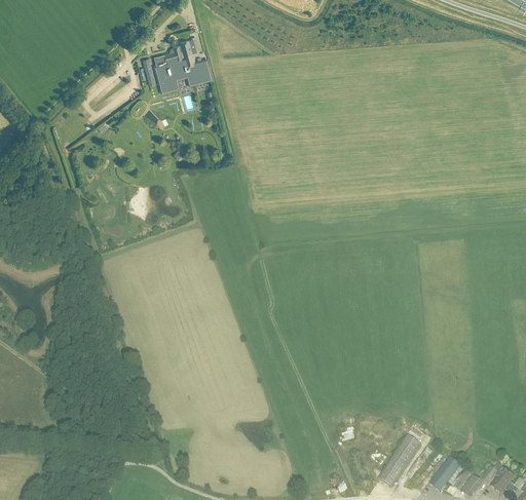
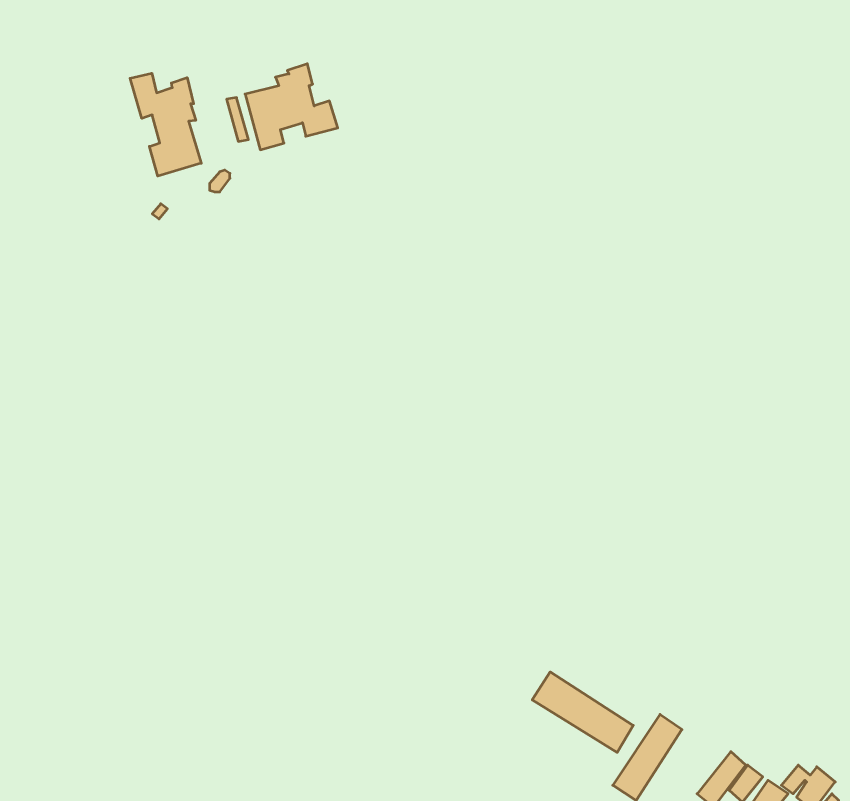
building: none -> [130,73,201,176]
building: none -> [532,672,633,752]

